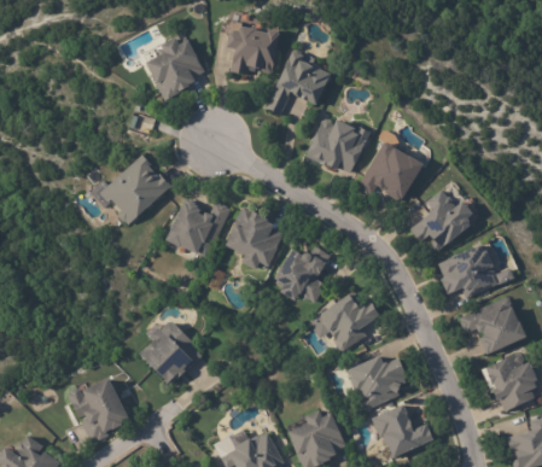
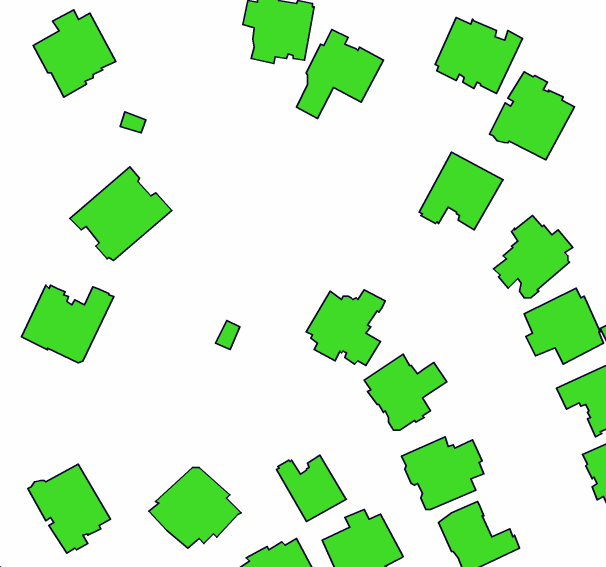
building: [144,34,205,99] -> [33,10,116,97]
building: none -> [489,72,575,160]
building: [304,116,369,173] -> [435,18,522,94]
building: [163,200,232,258] -> [22,285,114,363]
building: [222,205,285,270] -> none
building: [133,320,202,380] -> [149,468,241,548]
building: none -> [277,455,347,522]

